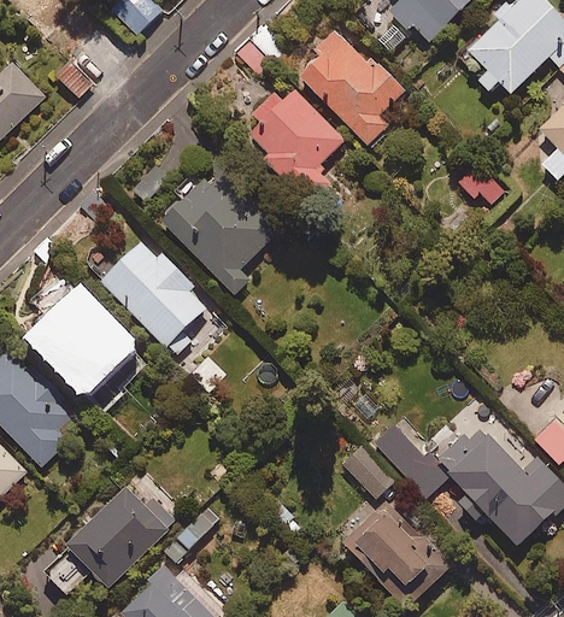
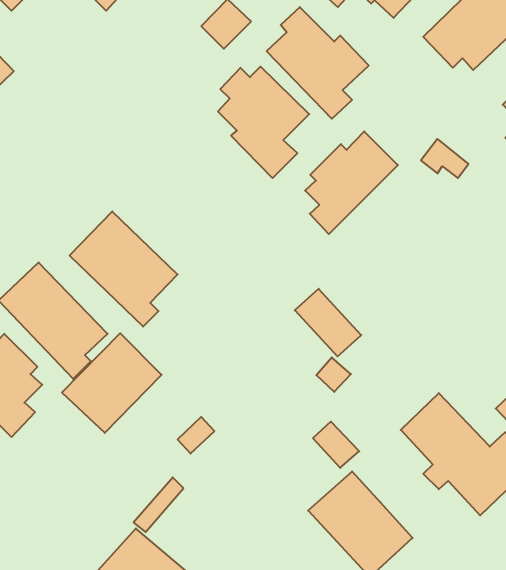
building: none -> [305,131,398,234]
building: [163,168,277,293] -> none
building: [381,429,448,498] -> [295,289,361,356]
building: [66,486,168,587] -> [62,333,162,433]

